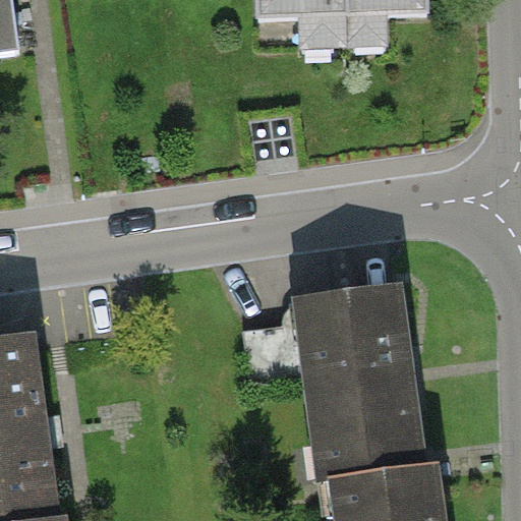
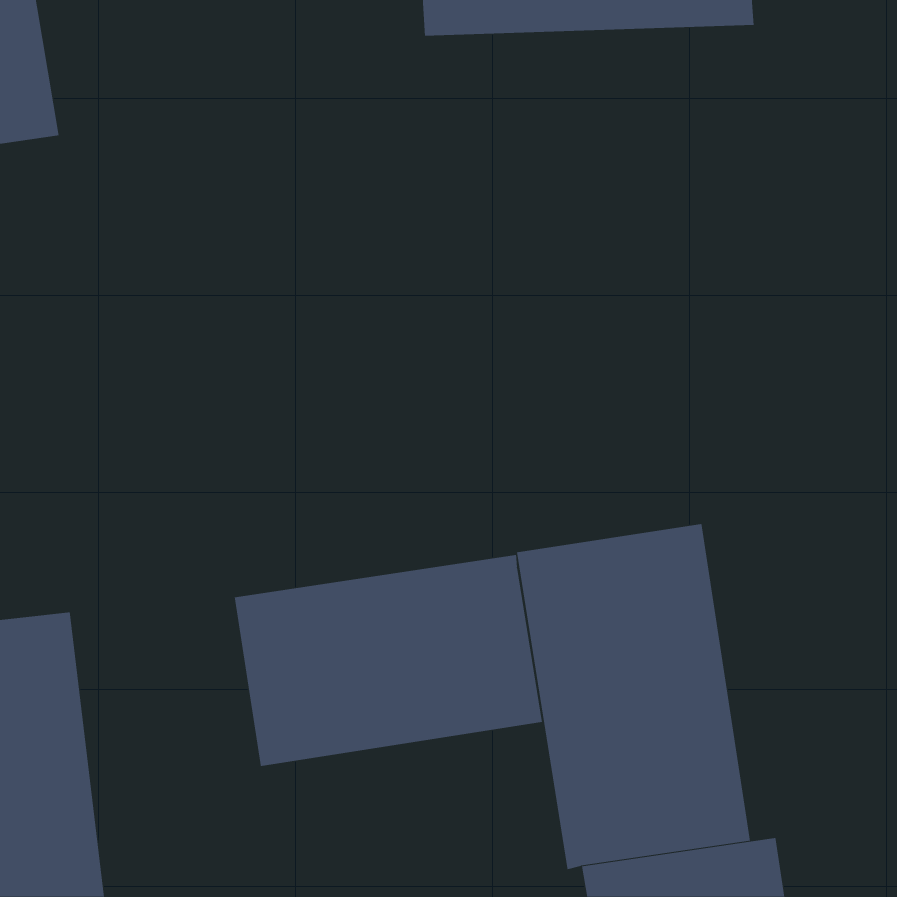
building: none -> [234,554,542,767]

